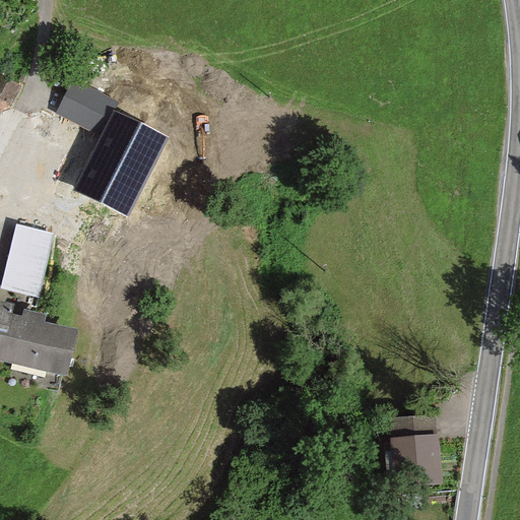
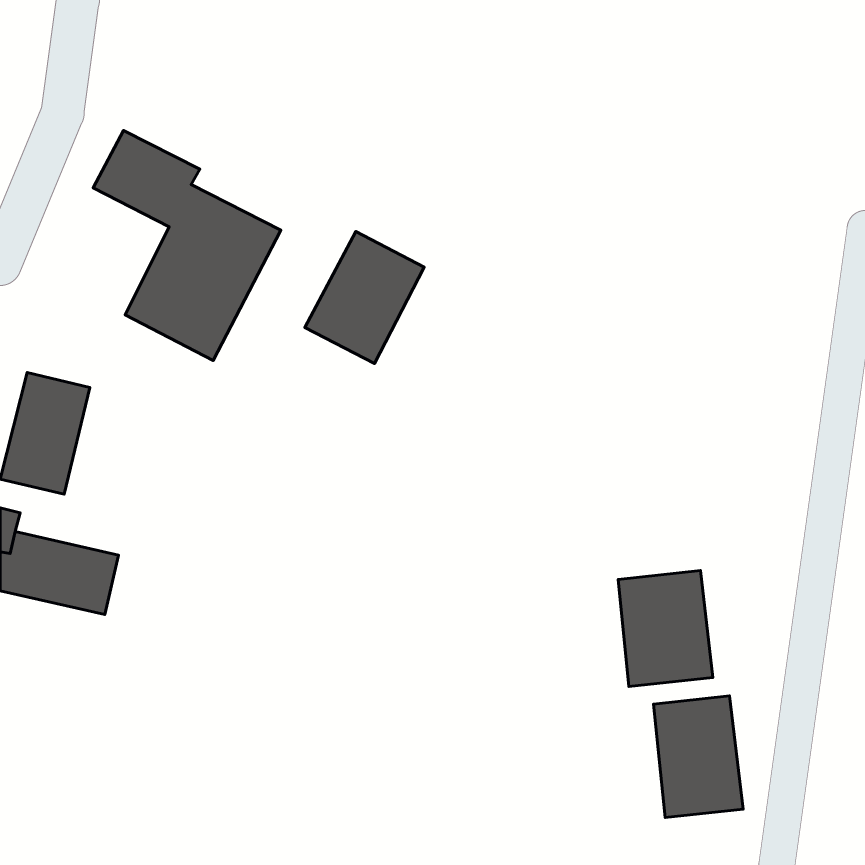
building: none -> [305,231,424,364]
building: none -> [618,571,713,687]

